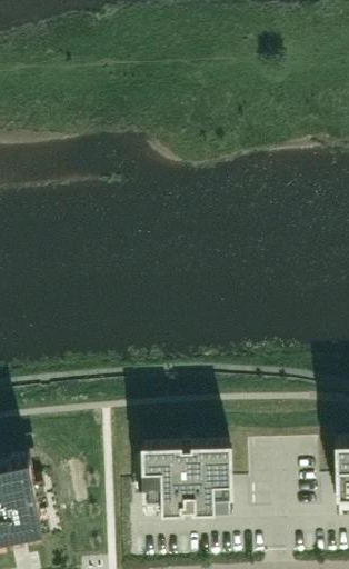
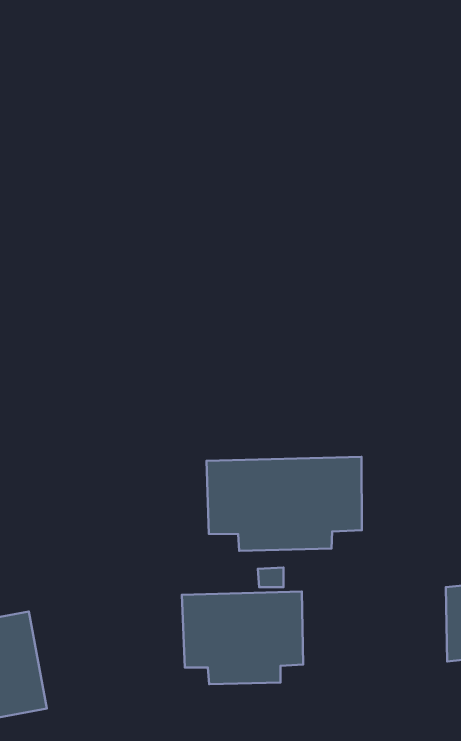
building: none -> [207,457,362,551]

